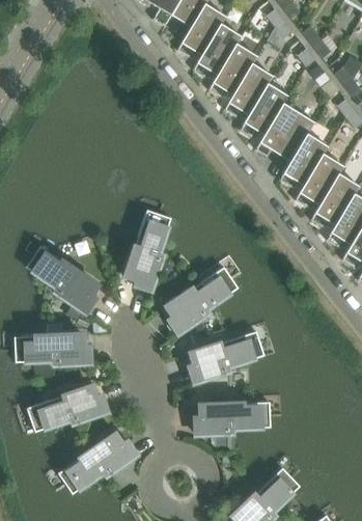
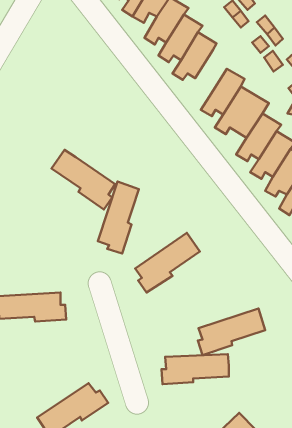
building: [223,63,272,117] -> none
building: [26,246,96,312] -> [52,150,115,210]
building: [189,331,263,383] -> [198,309,265,355]
building: [26,385,106,432] -> none

